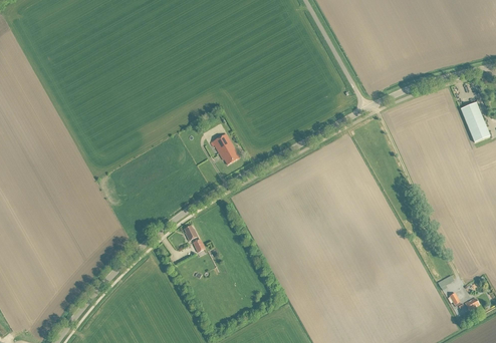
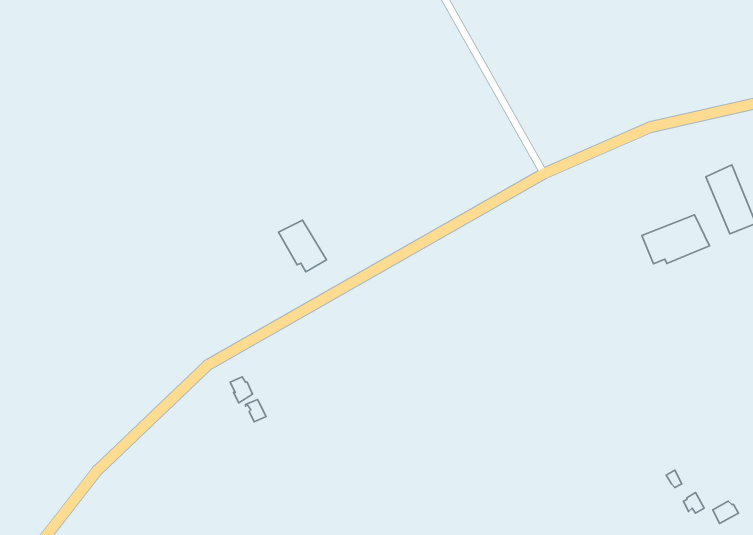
building: none -> [642,215,709,264]

